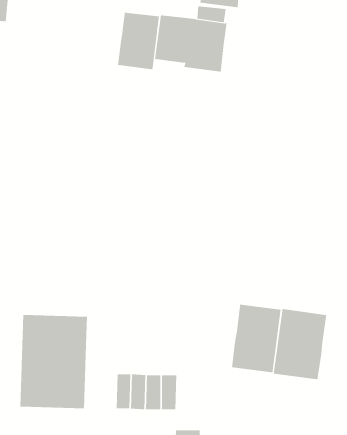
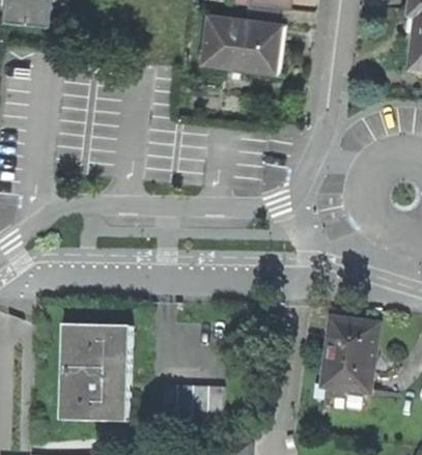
building: [118,11,160,70] -> none
building: [232,304,281,373] -> none

